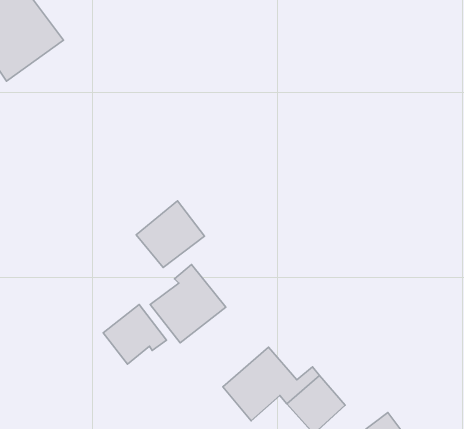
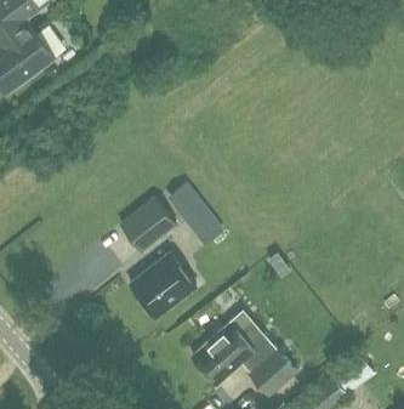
building: none -> [166,182,223,245]
building: [103,304,166,364] -> none

